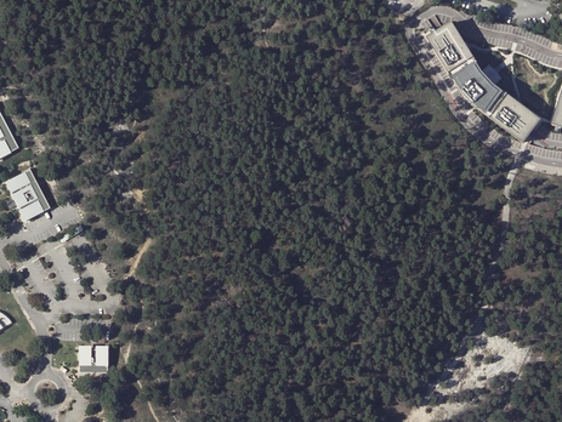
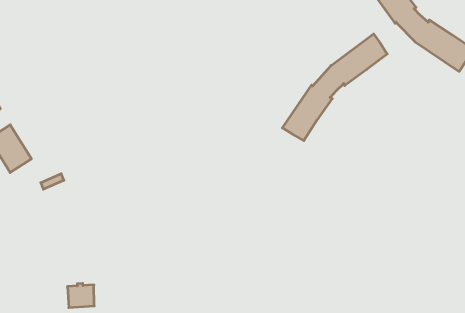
building: none -> [282,34,387,141]

